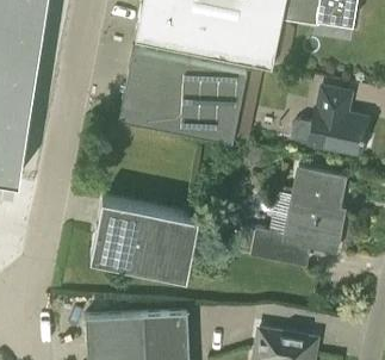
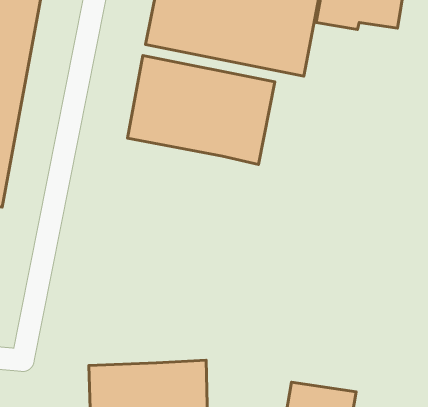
building: [292,91,370,157] -> none
building: [240,173,346,265] -> none
building: [92,201,199,280] -> none

